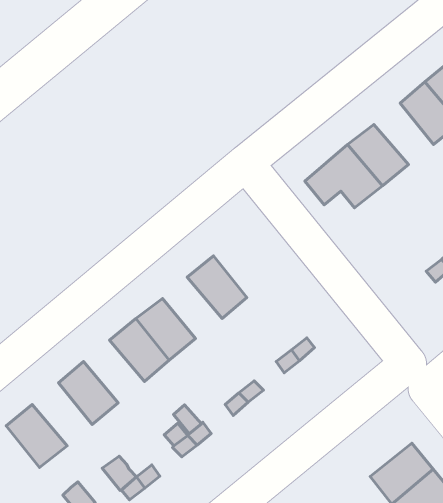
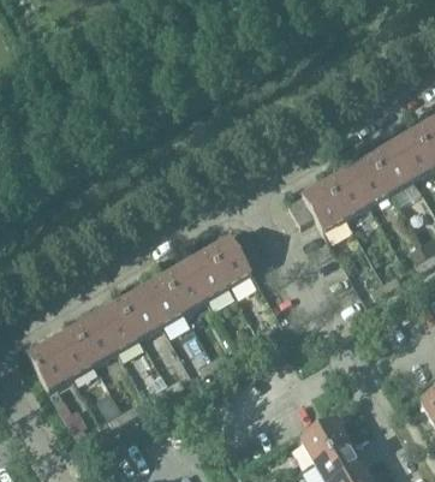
building: none -> [346,156,389,204]
building: none -> [207,228,256,286]
building: none -> [162,263,205,311]
building: none -> [94,302,138,351]
building: none -> [49,328,93,377]

